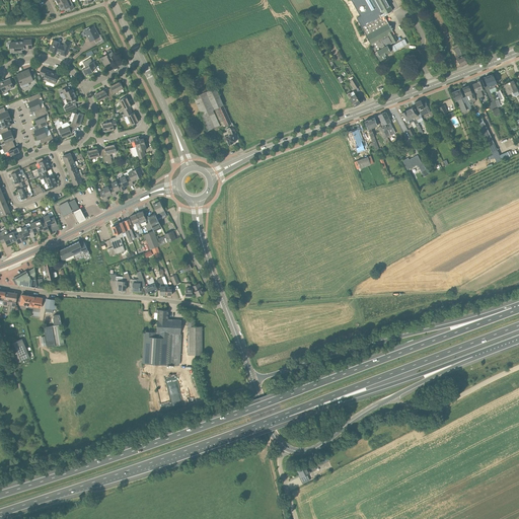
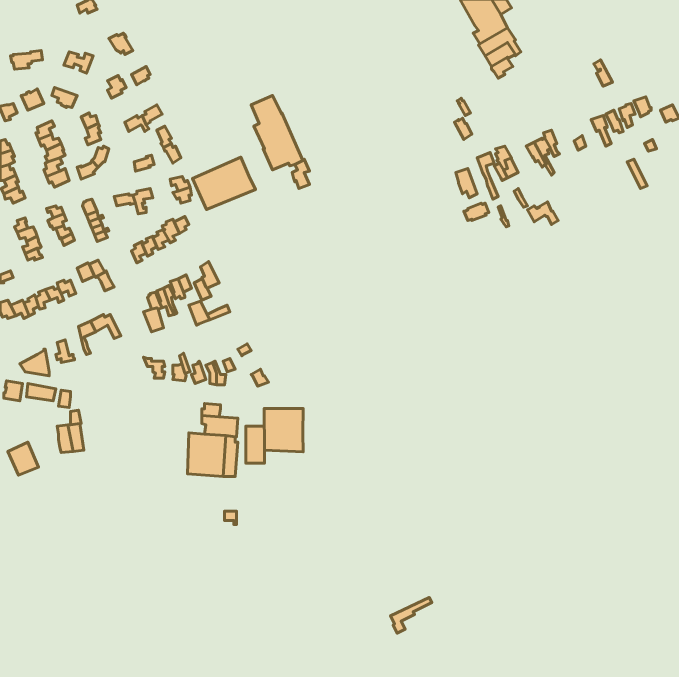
building: none -> [192,157,255,210]
building: none -> [264,409,303,452]

